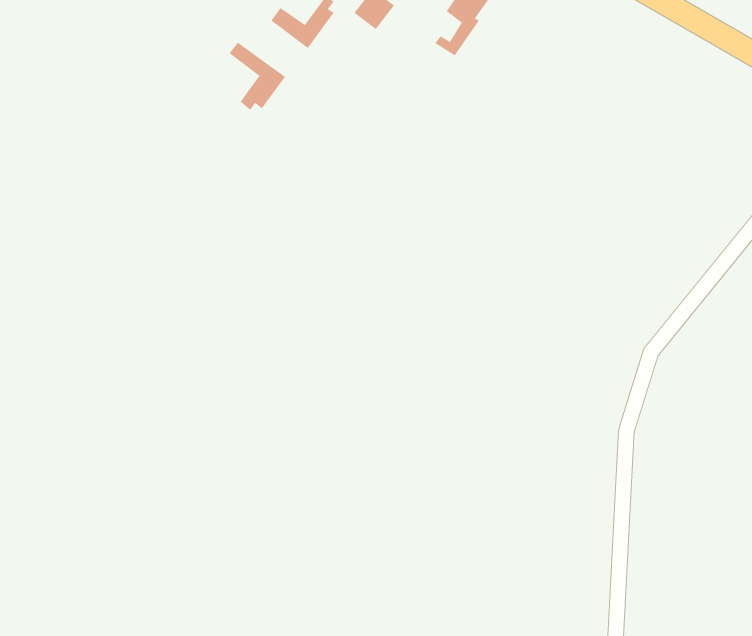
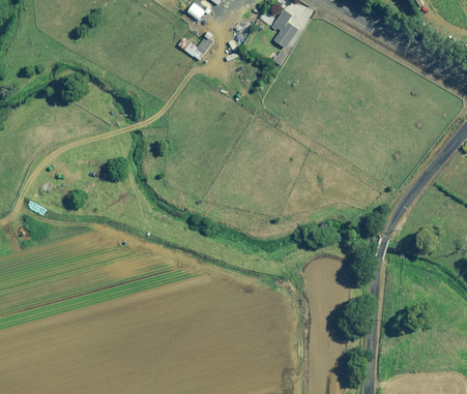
building: [229,42,286,111] -> none

